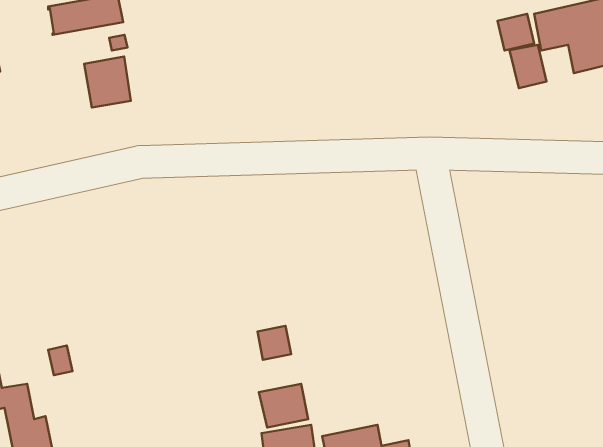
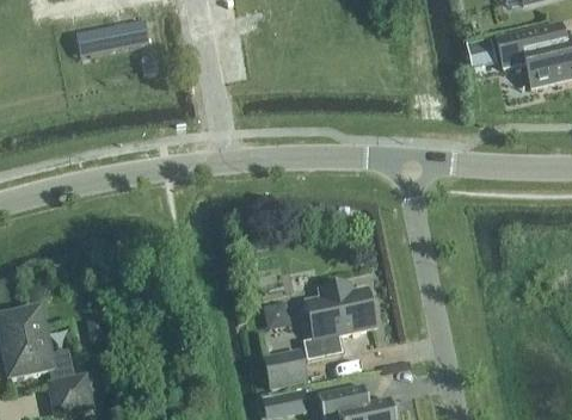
building: [510,45,547,88] -> none
building: [84,57,131,107] -> none
building: none -> [303,284,375,360]

